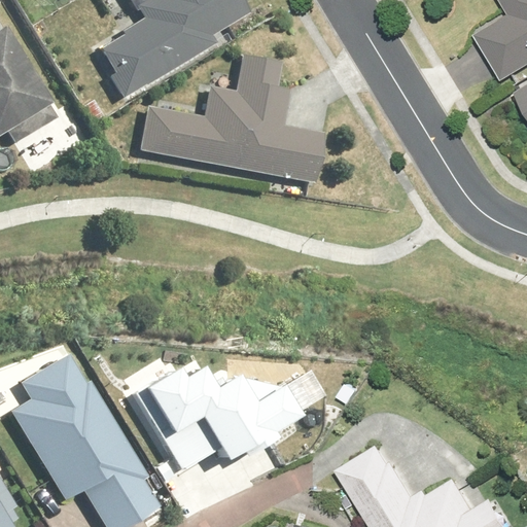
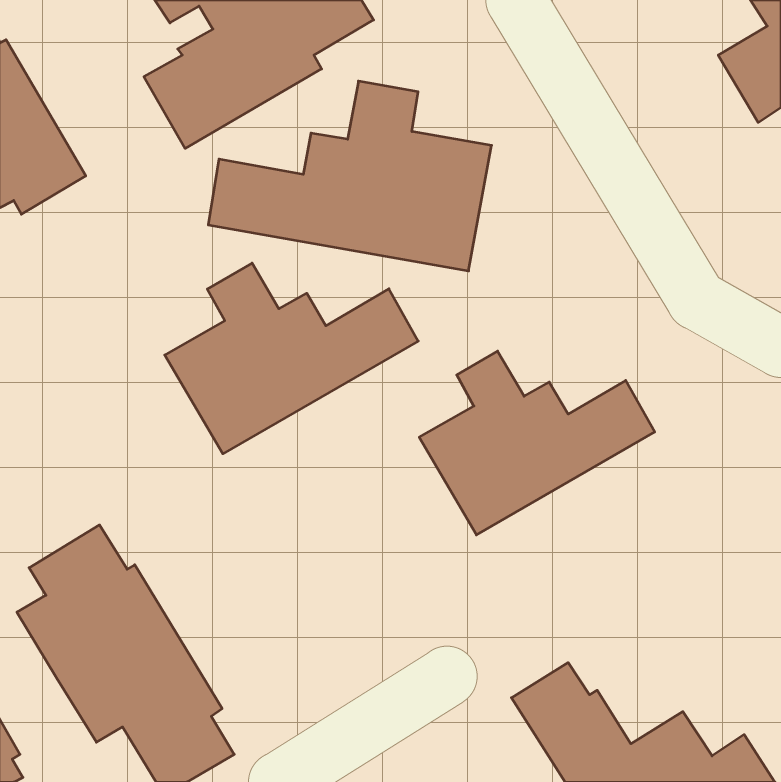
building: none -> [165,263,418,454]
building: none -> [419,351,655,535]
building: [140,364,302,468] -> none

